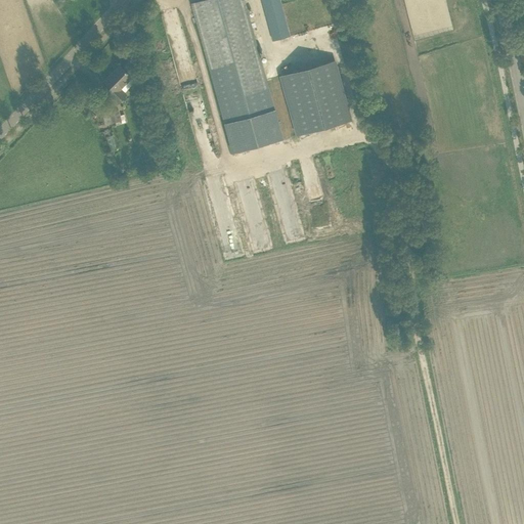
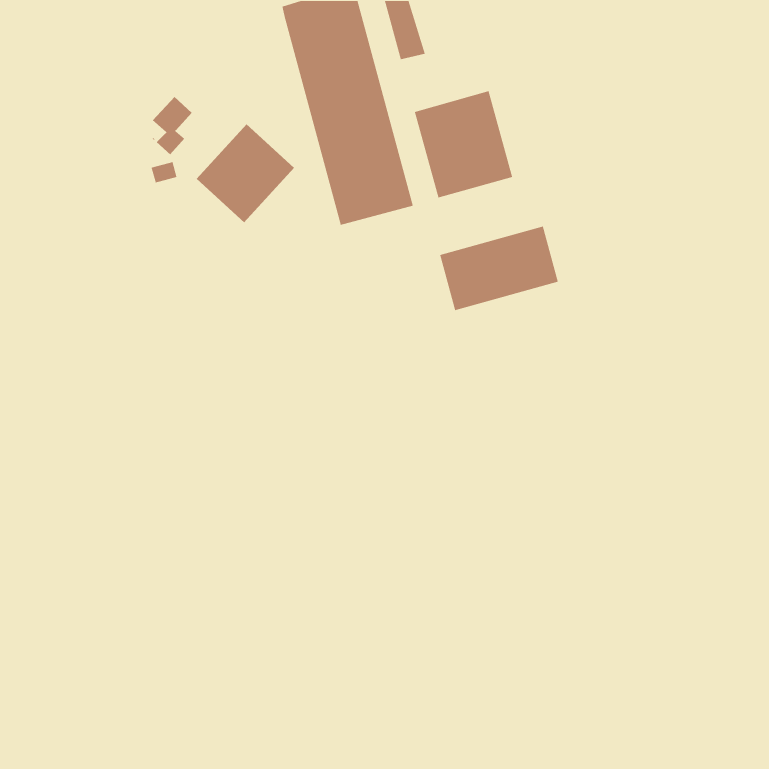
building: none -> [196,123,295,223]
building: none -> [439,226,559,311]

